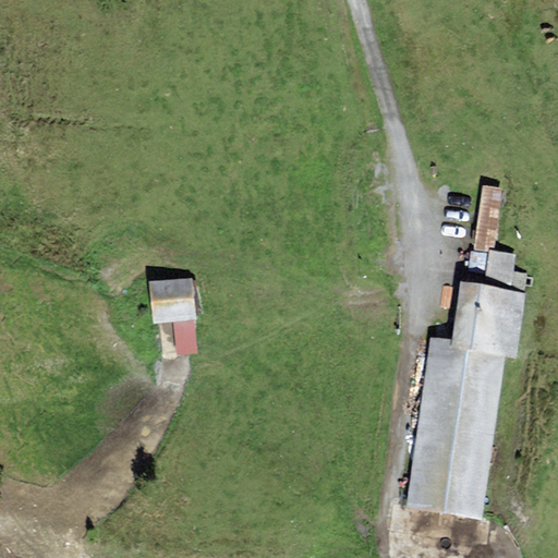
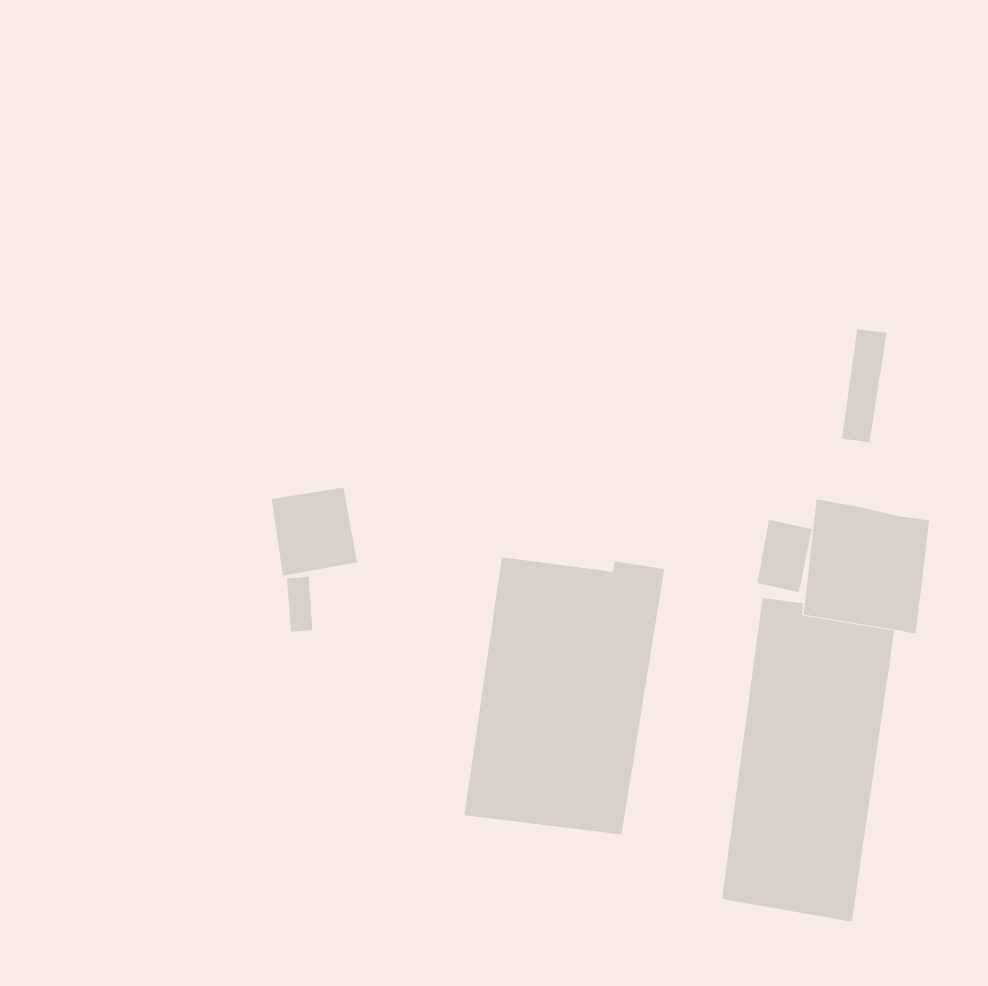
building: [484,250,515,291] -> [757,519,813,593]
building: none -> [464,557,665,835]

